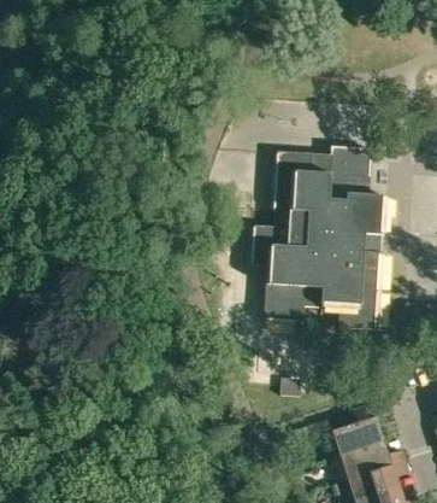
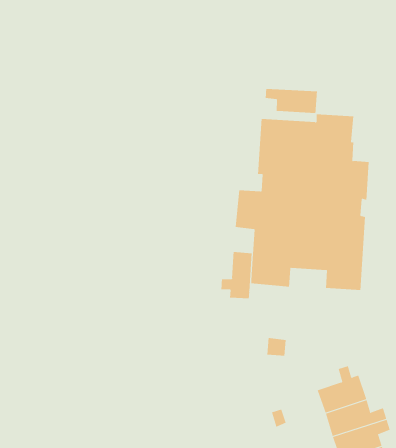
building: none -> [265,88,317,114]
building: none -> [221,251,252,299]

